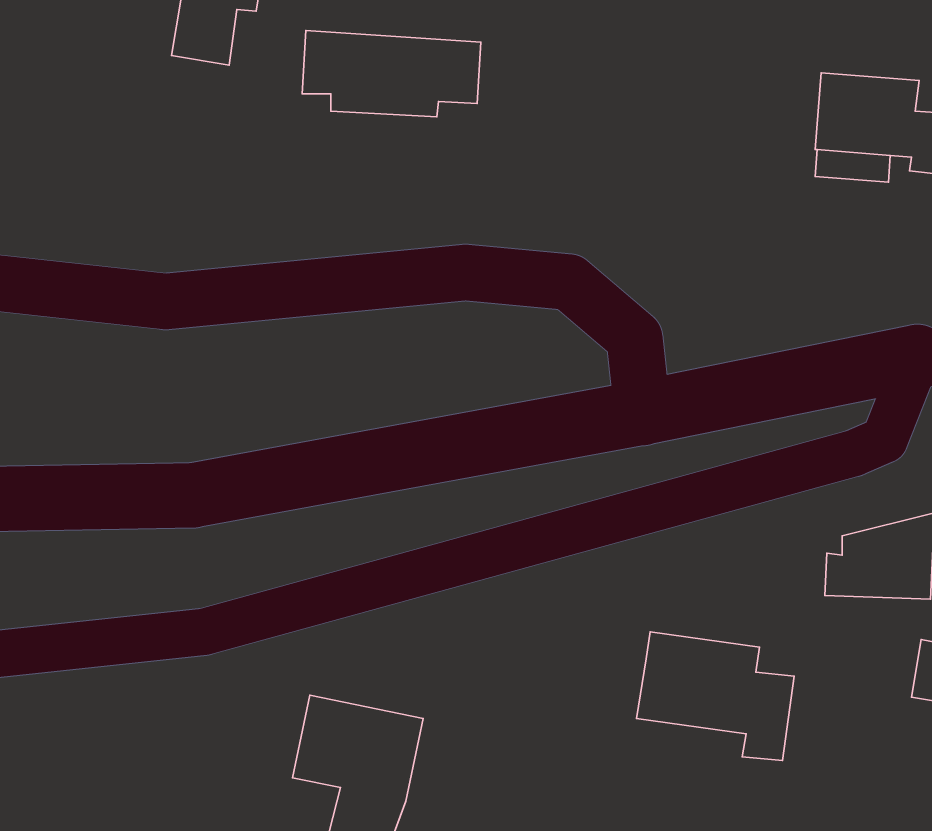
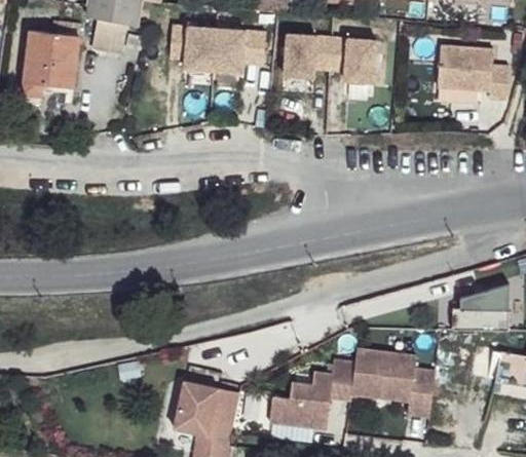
building: none -> [25,20,80,92]
building: none -> [285,34,376,80]
building: none -> [268,358,354,427]

